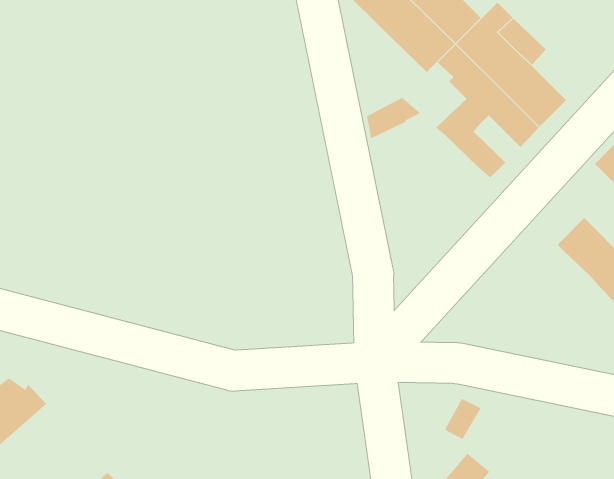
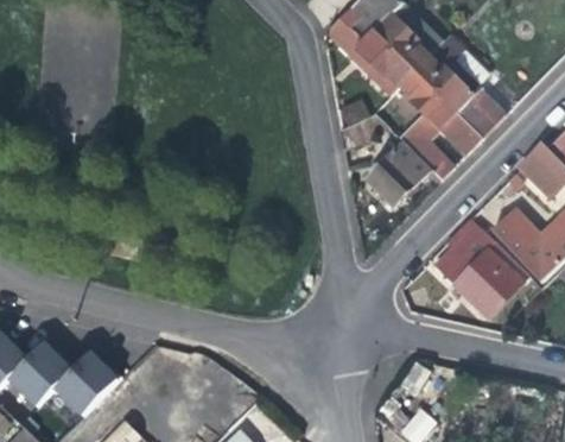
building: none -> [362,143,427,206]
building: none -> [433,219,532,329]
building: none -> [52,349,118,410]

